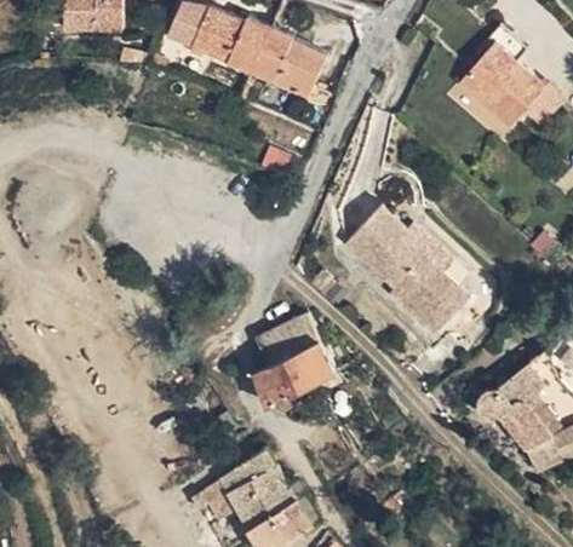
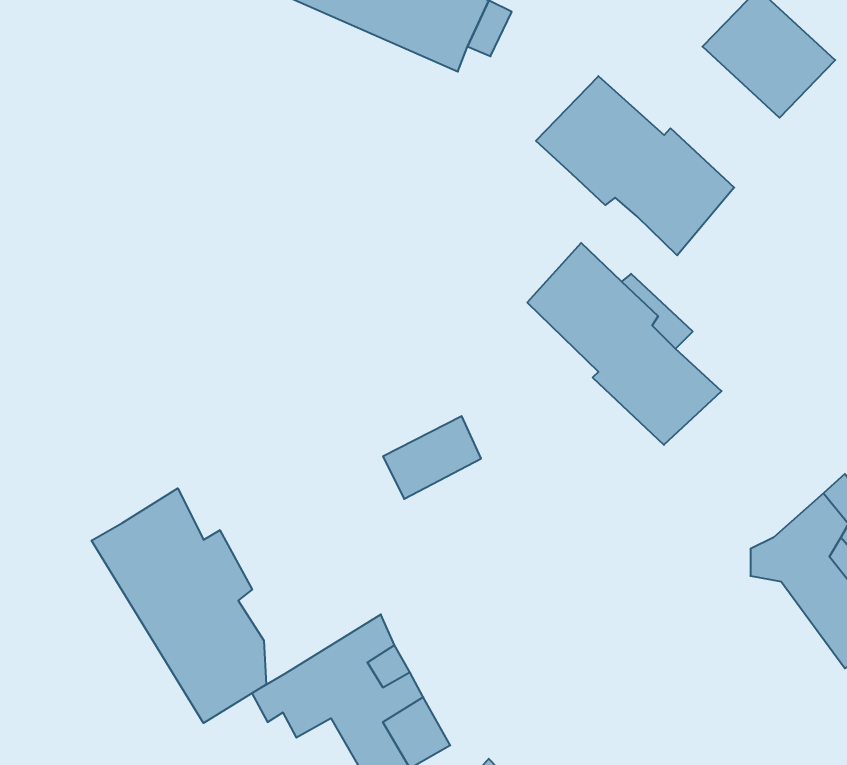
building: none -> [536,76,734,255]
building: [257,342,336,407] -> none
building: none -> [92,488,266,723]

